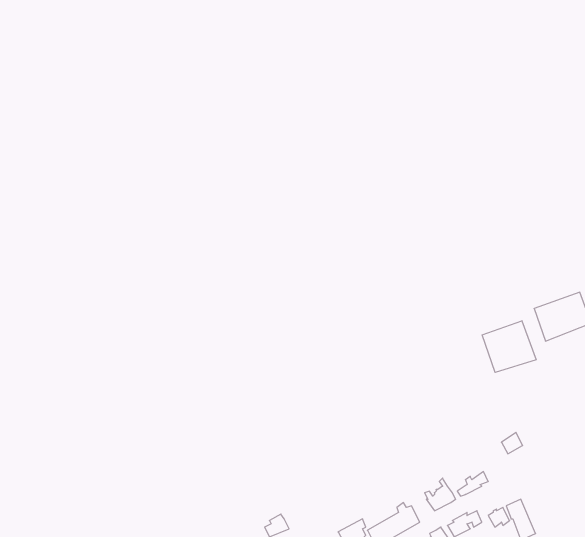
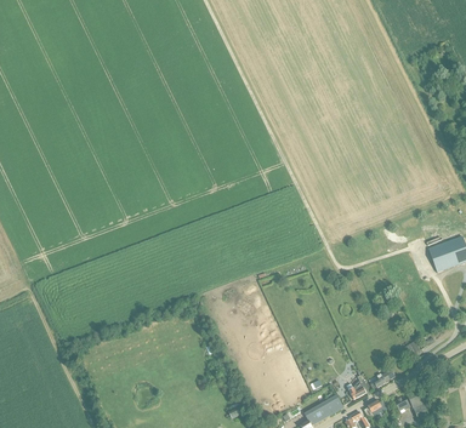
building: [482,321,536,372] -> none

